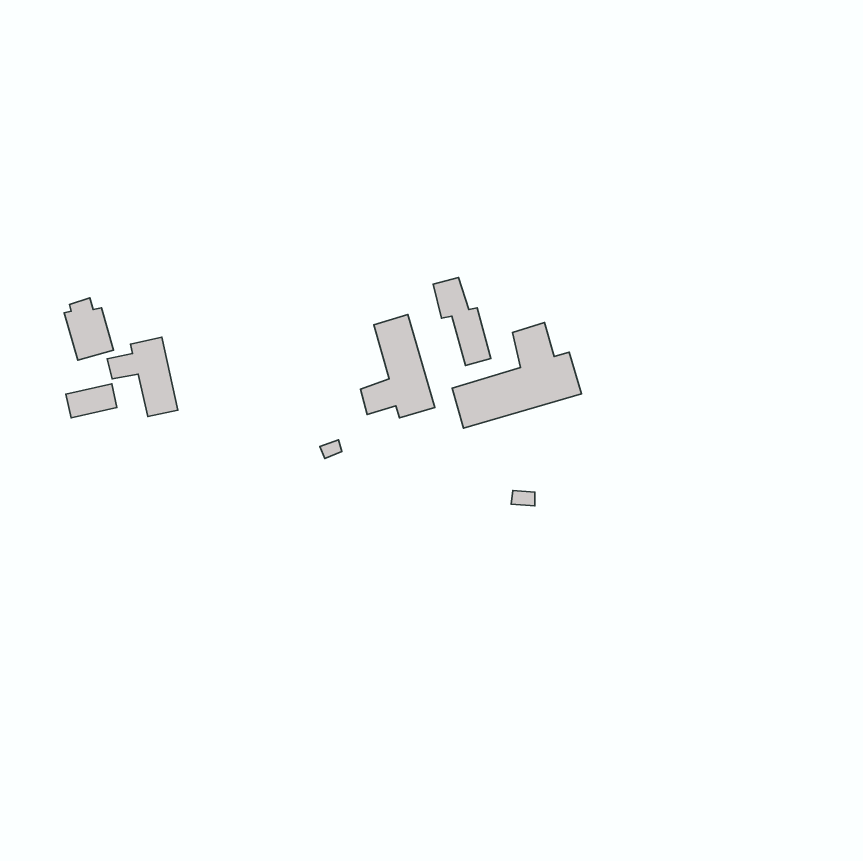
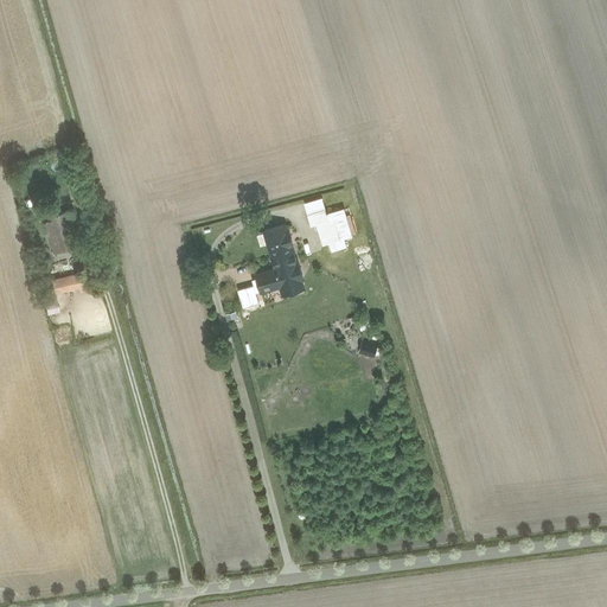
building: [452,322,582,428] -> none
building: [107,337,178,417] -> none

